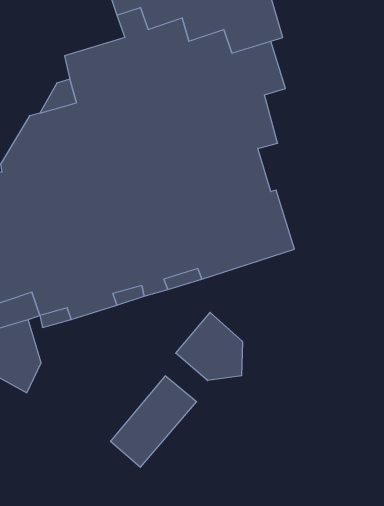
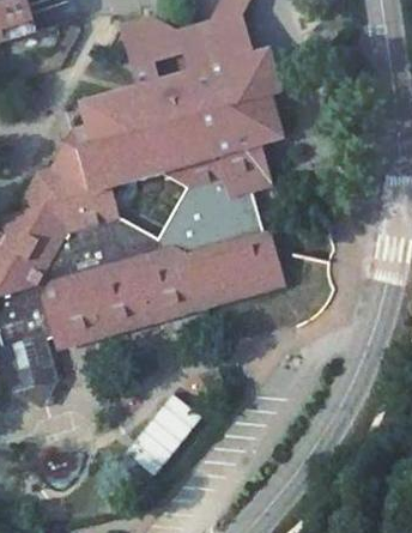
building: [176,312,242,381] -> none

